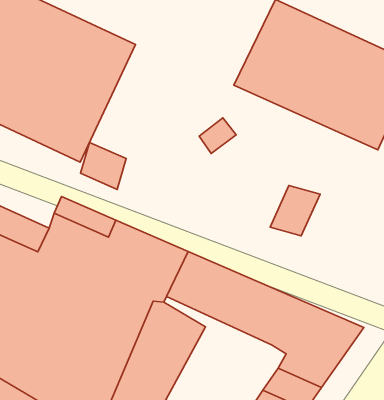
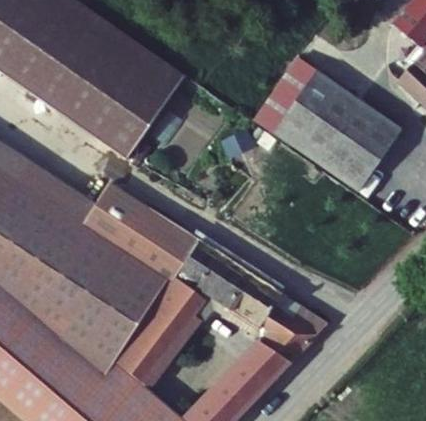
building: [80,142,126,189] -> none
building: [270,185,320,236] -> none

